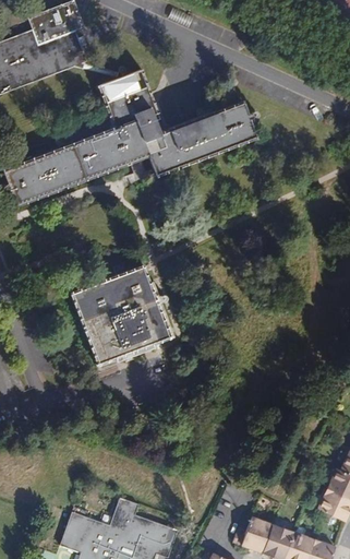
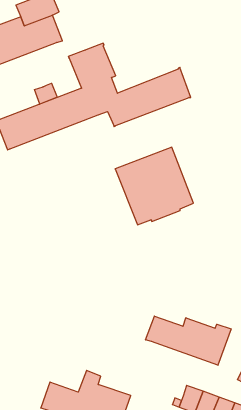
building: none -> [34,83,57,104]
building: [68,264,170,366] -> [115,147,193,225]
building: none -> [146,316,231,365]

